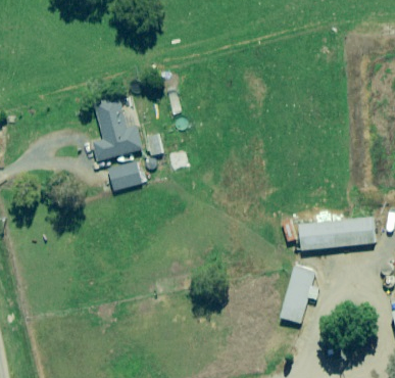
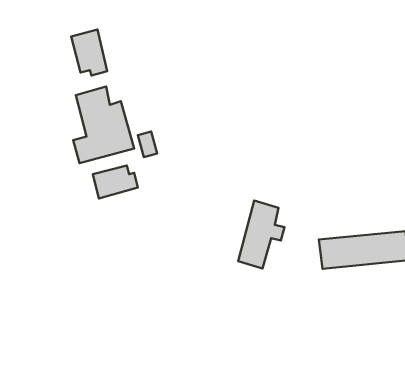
building: none -> [71,29,107,75]
building: [280,266,318,323] -> [238,201,285,269]

